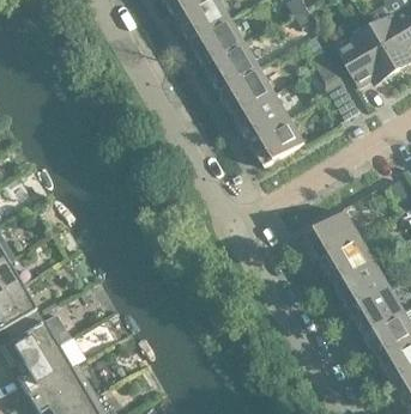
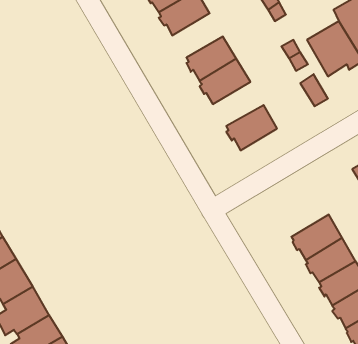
building: [191,18,246,66] -> none
building: [235,92,290,140] -> none
building: [306,211,361,260] -> none

